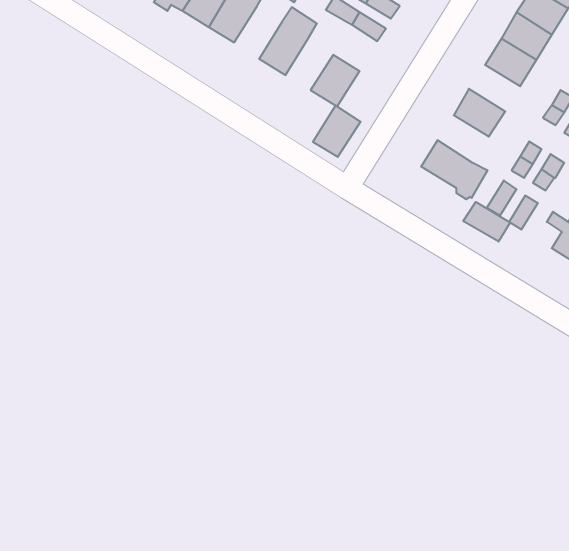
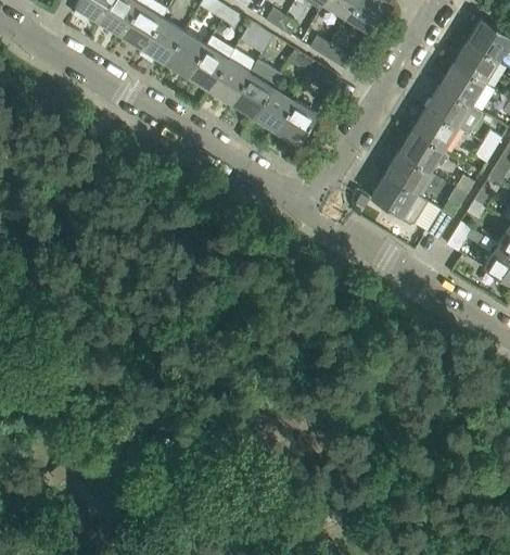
building: none -> [208,60,250,104]
building: none -> [411,110,456,150]
building: [313,105,361,157] -> [253,87,294,131]
building: none -> [384,153,429,194]
building: [463,202,510,242] -> none

